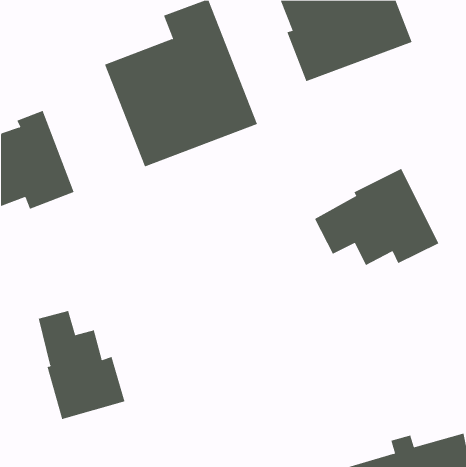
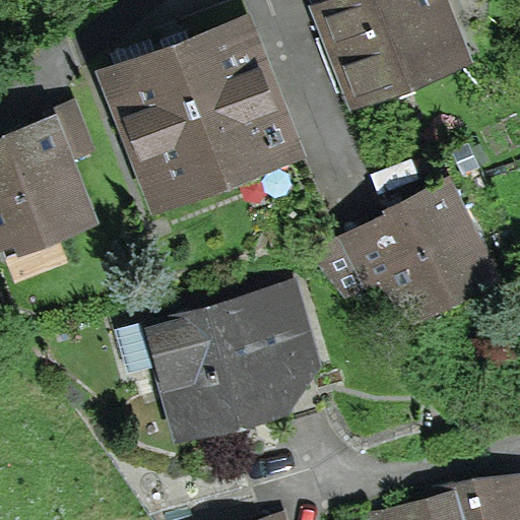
building: none -> [158,296,310,425]
building: [38,310,125,420] -> none

